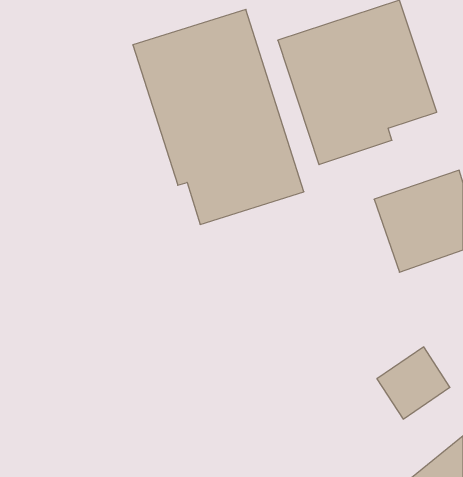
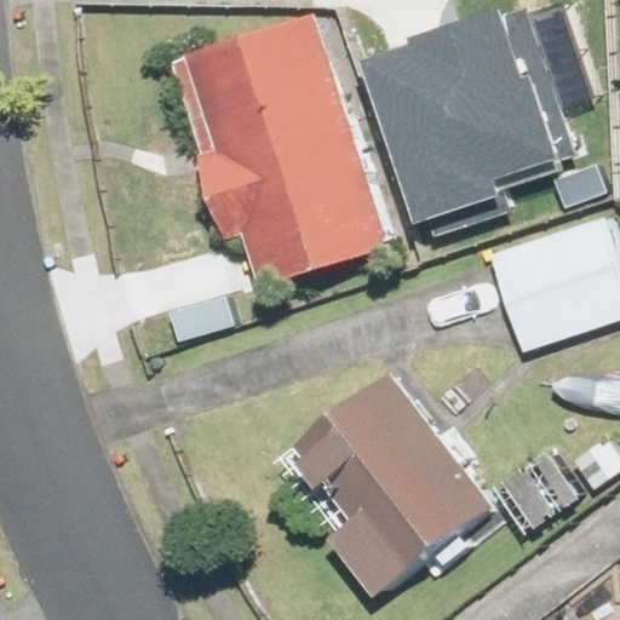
building: none -> [277,372,495,595]

